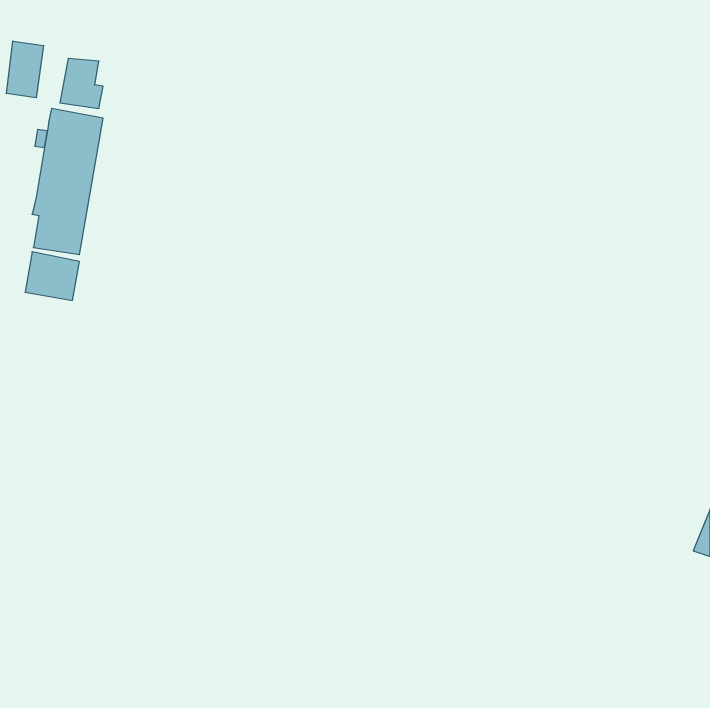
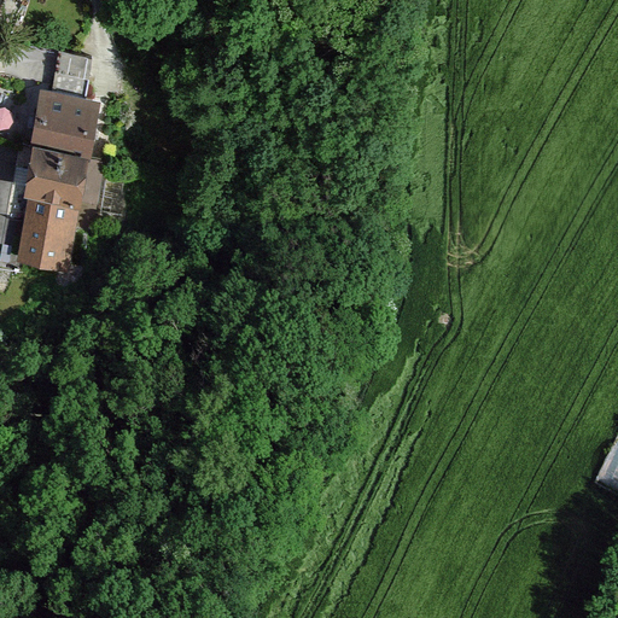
building: [6,41,44,98] -> none

